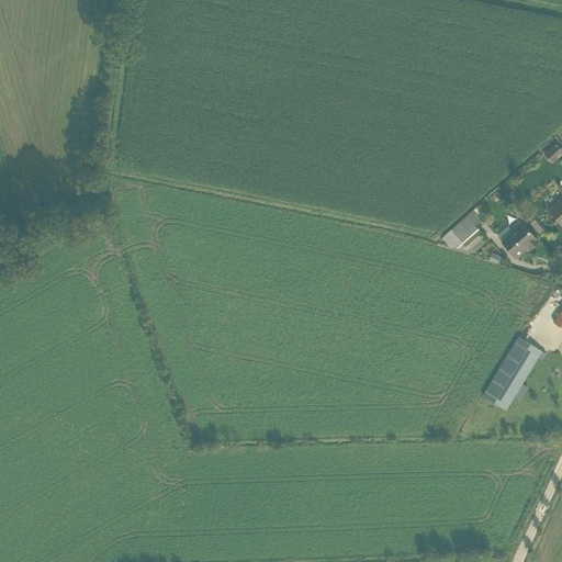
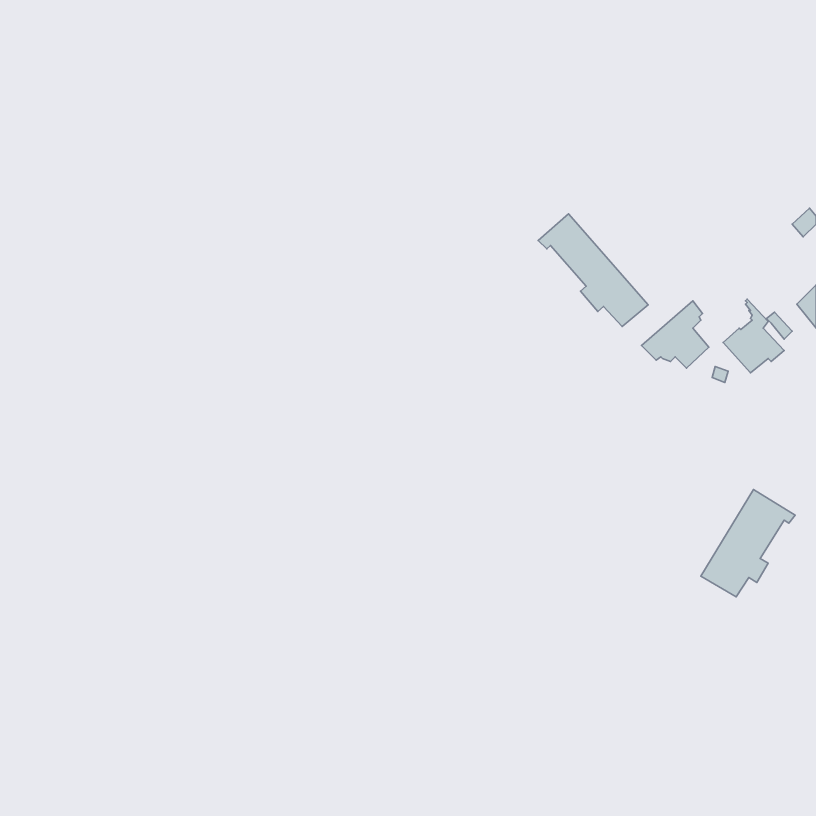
building: none -> [538,214,648,327]

